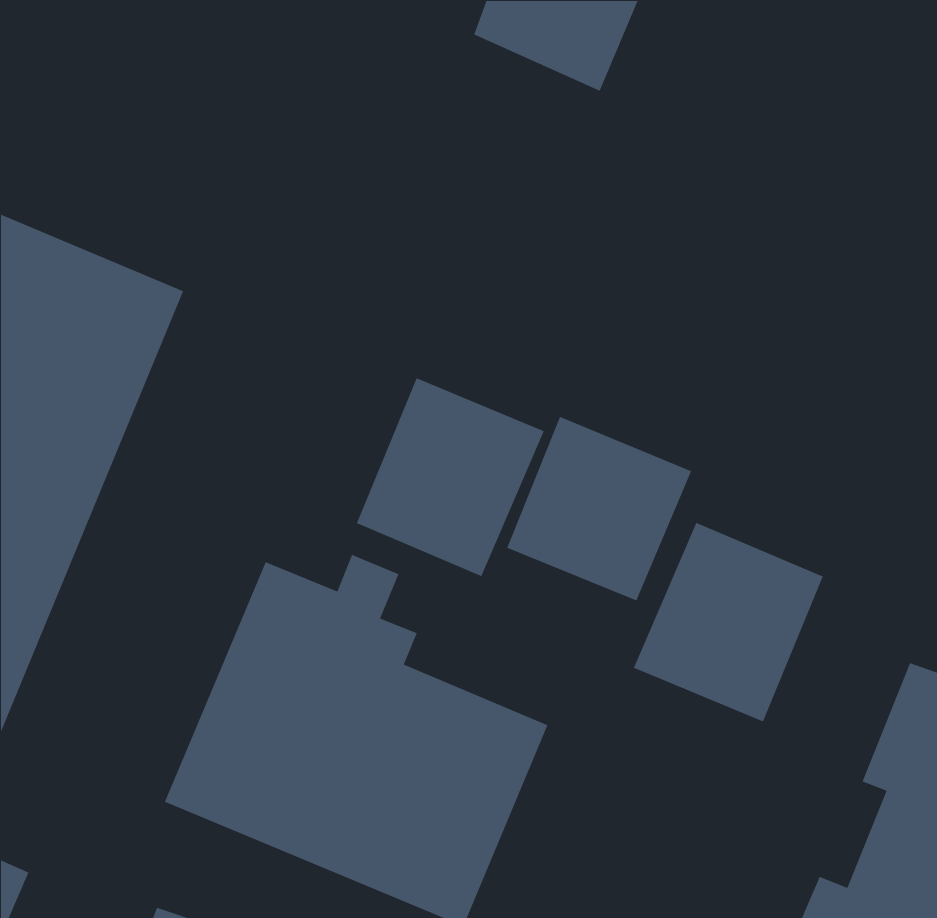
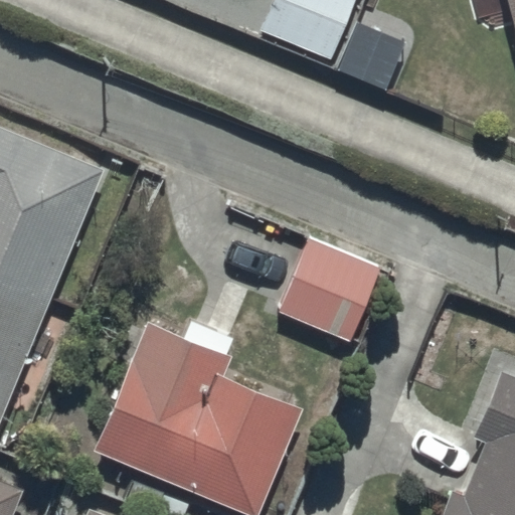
building: [356,377,545,577] -> none
building: [633,522,824,723] -> none

